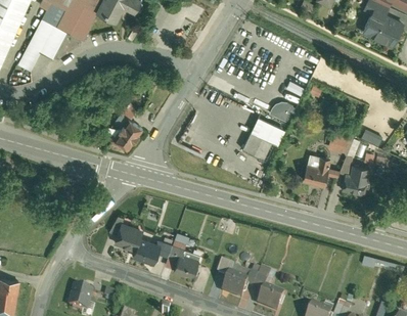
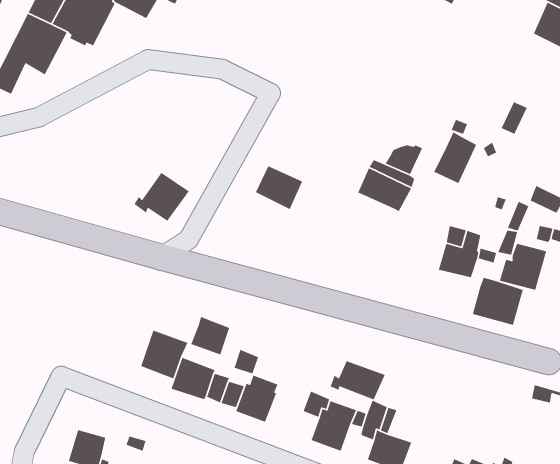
building: none -> [433,131,477,184]
building: [242,131,273,160] -> [255,165,303,210]
building: none -> [472,277,524,326]
building: none -> [190,316,230,355]
building: none -> [330,360,386,401]

